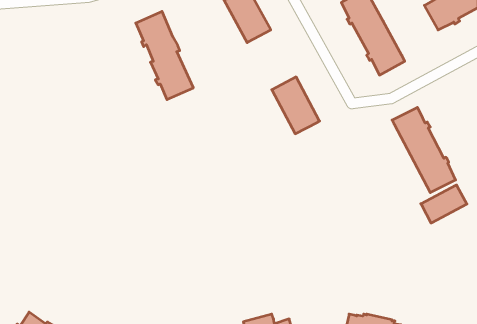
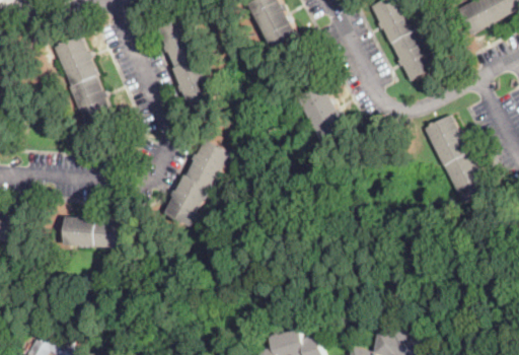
building: none -> [52,34,110,126]
building: none -> [163,138,230,226]
building: [421,185,467,223] -> none
building: none -> [63,216,126,247]

